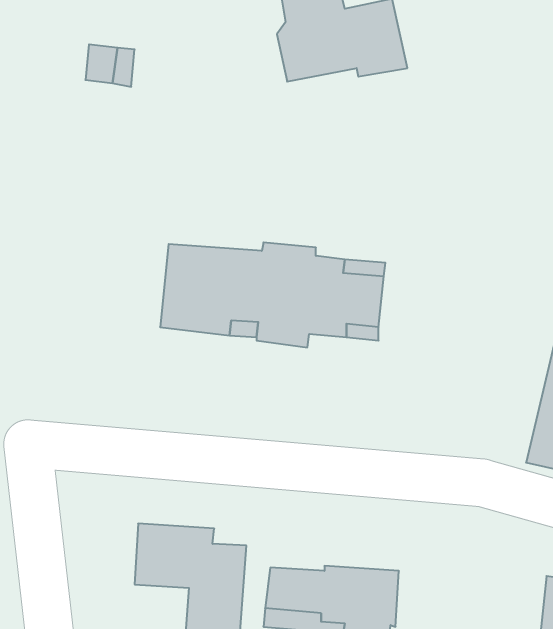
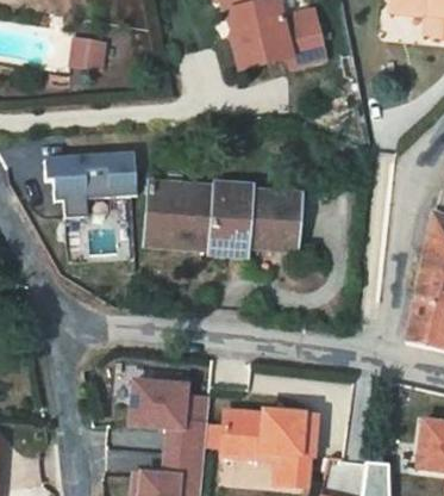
building: none -> [48,155,140,218]

